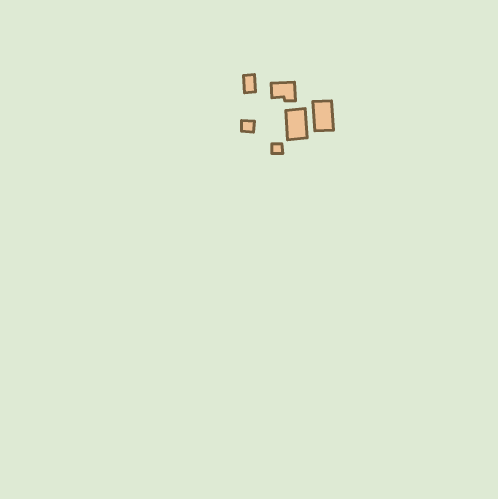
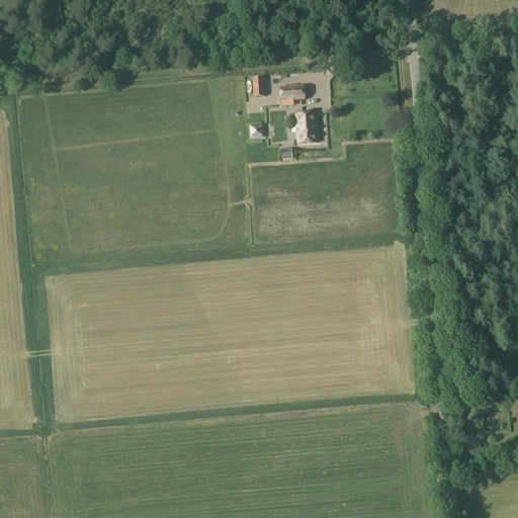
building: [313,101,333,131] -> none

